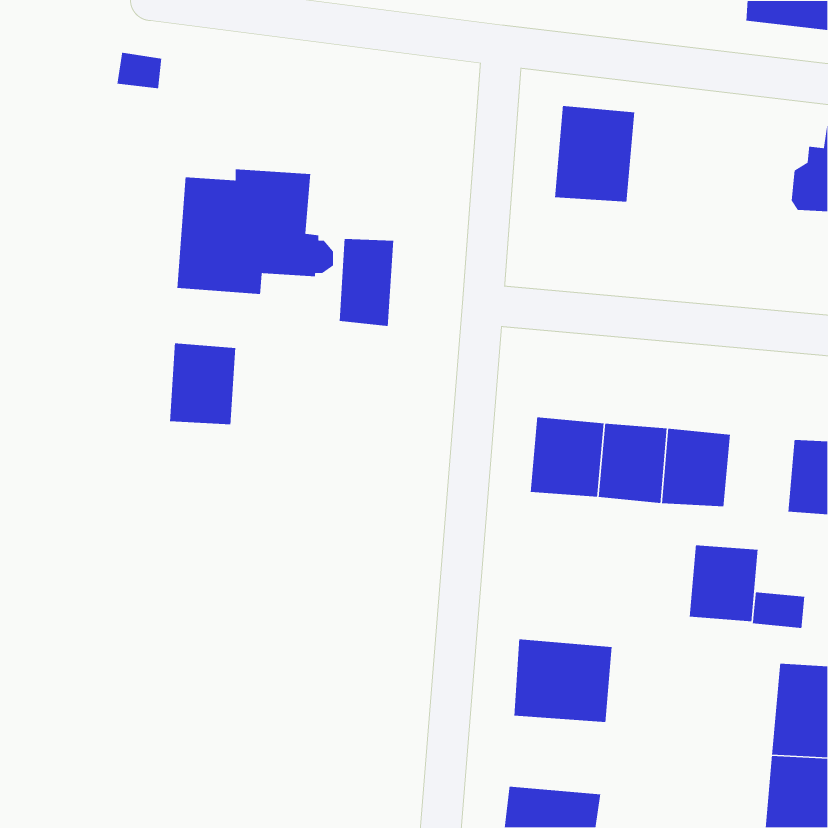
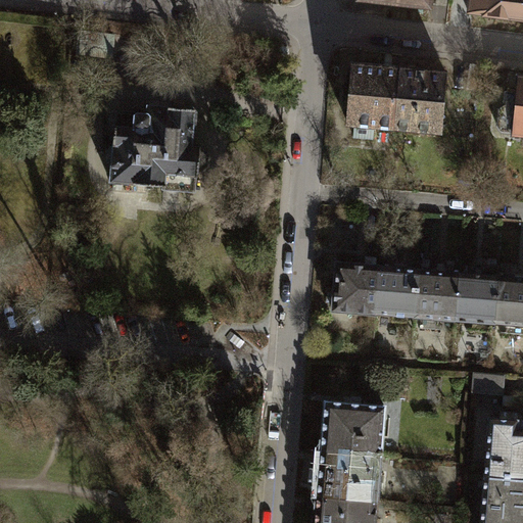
building: none -> [395,70,446,133]
building: [339,238,394,327] -> none
building: [169,342,236,425] -> none
building: [689,544,758,622] -> [457,274,501,323]
building: none -> [321,451,382,501]

